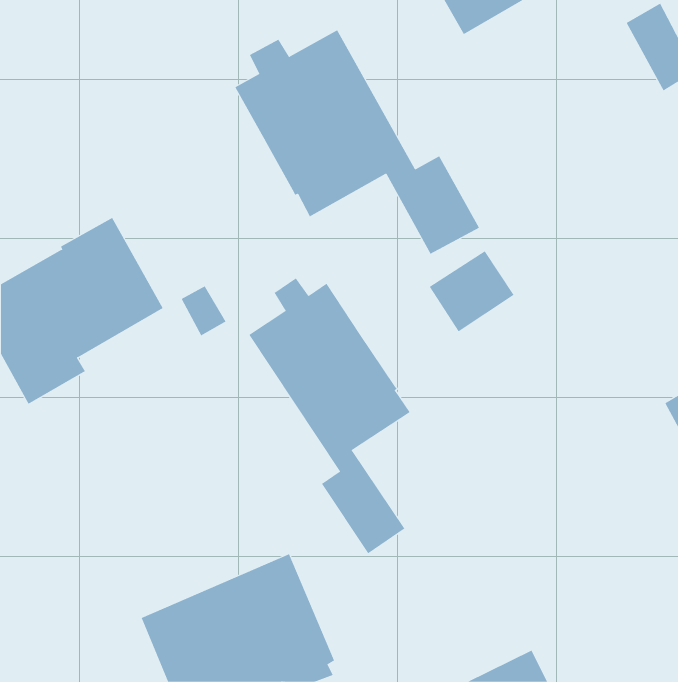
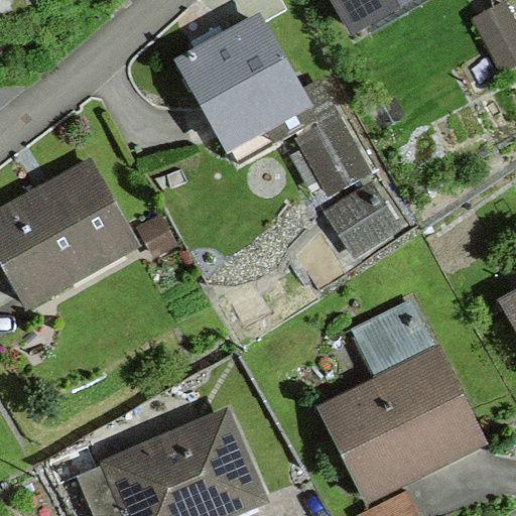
building: [248,277,411,554] -> none
building: none -> [326,303,474,493]

